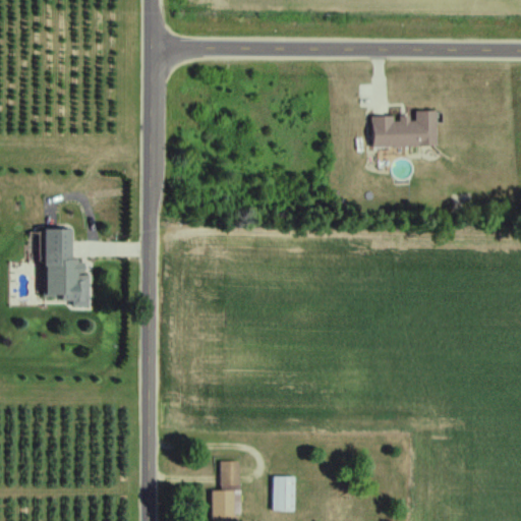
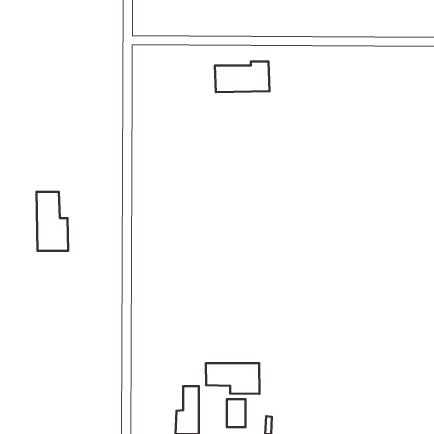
building: [373,111,439,148] -> [215,61,269,92]
building: none -> [206,363,259,394]

